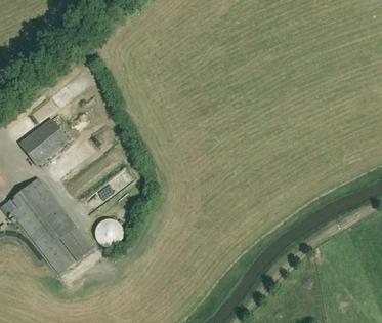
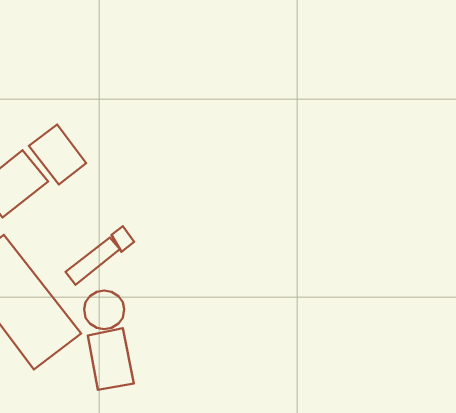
building: none -> [29,125,86,185]
building: none -> [88,328,134,390]

